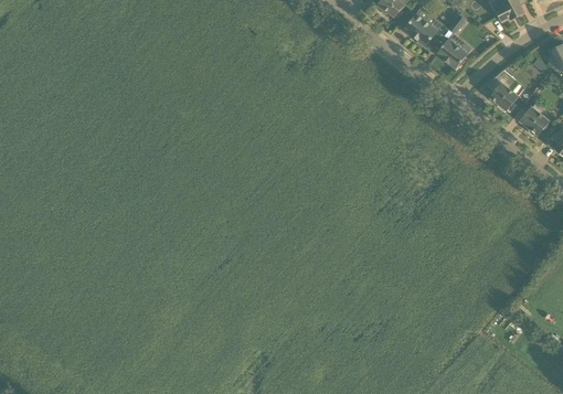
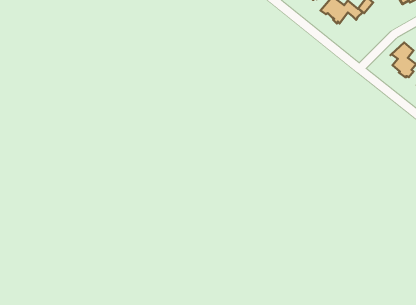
building: [437,38,468,67] -> none

